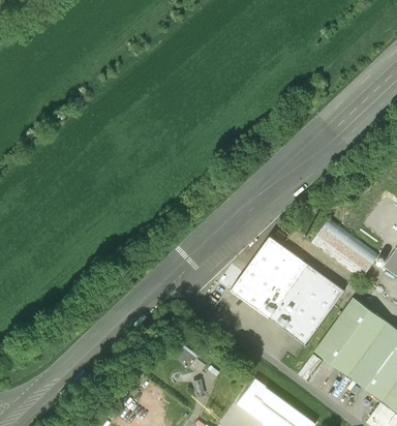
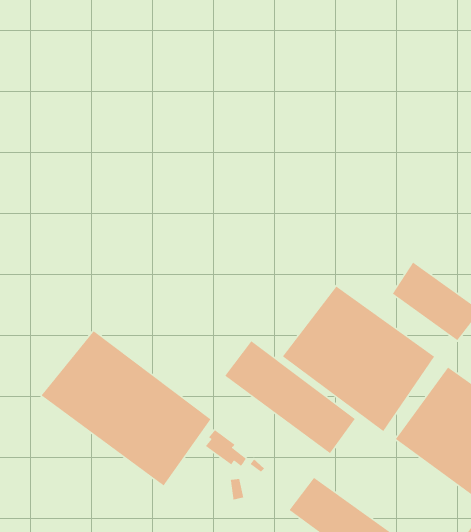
building: none -> [41,330,211,486]
building: none -> [224,340,356,454]

